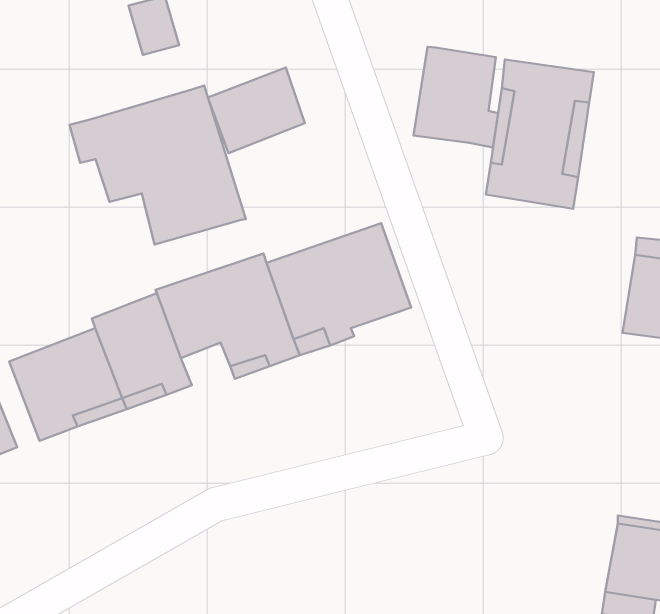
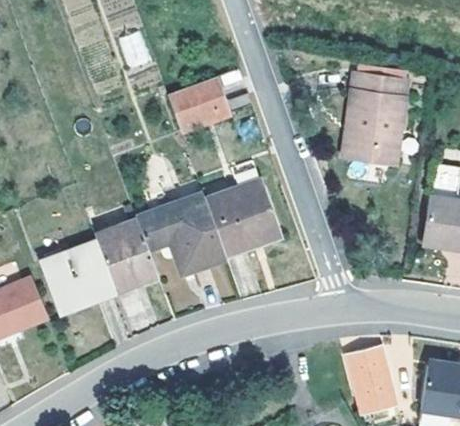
building: [413,47,498,148] -> none
building: [69,86,246,244] -> none
building: none -> [341,338,396,415]

